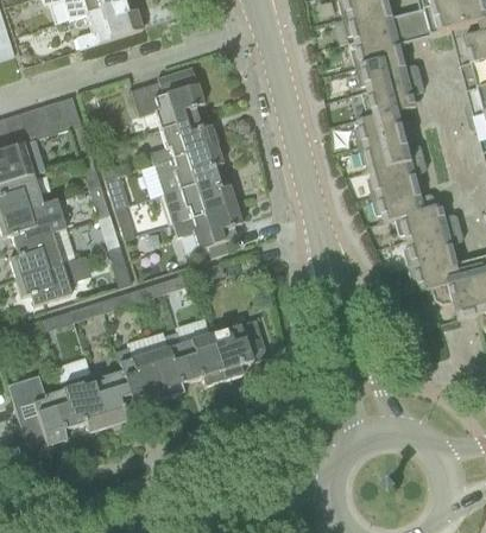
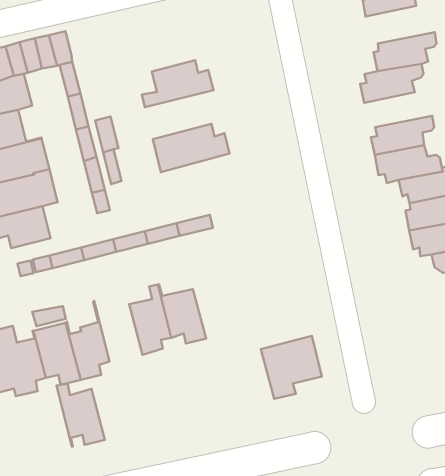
building: [355,51,422,89] -> none
building: [130,65,203,128] -> none
building: [359,133,424,169] -> none
building: [139,142,222,197] -> none
building: [170,202,241,255] -> none
building: [207,317,266,379] -> [261,336,322,399]
building: [114,347,163,406] -> [57,384,105,447]

